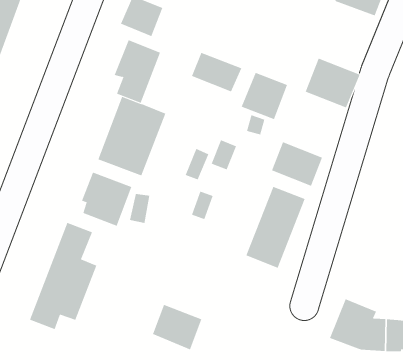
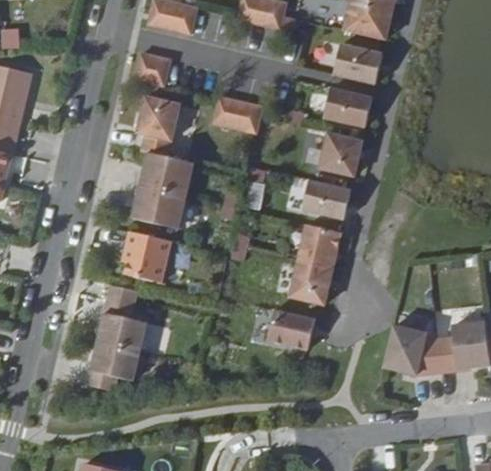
building: none -> [332,46,380,85]
building: [241,72,288,120] -> [318,129,361,173]
building: [152,304,202,350] -> [268,305,315,346]

